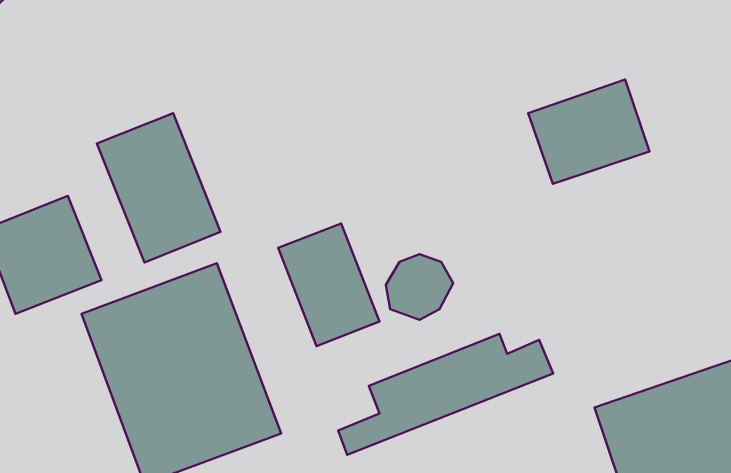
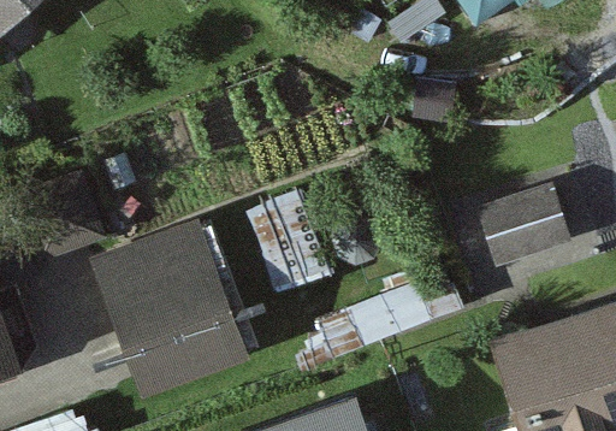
building: [528,80,650,184] -> [480,185,575,267]
building: [97,113,221,262] -> none

